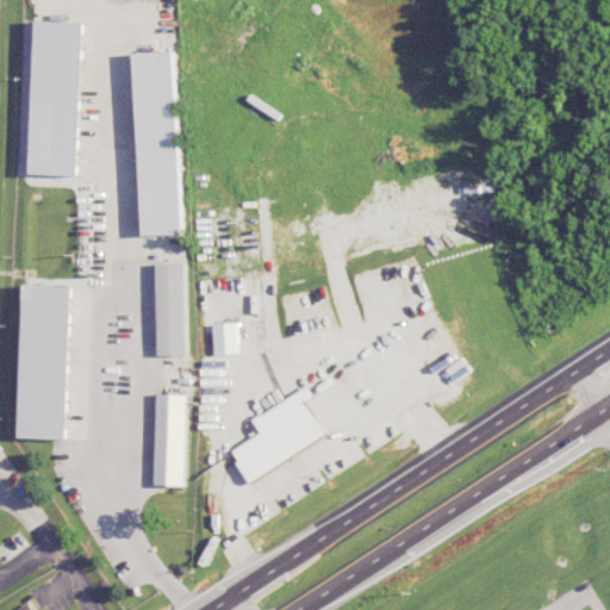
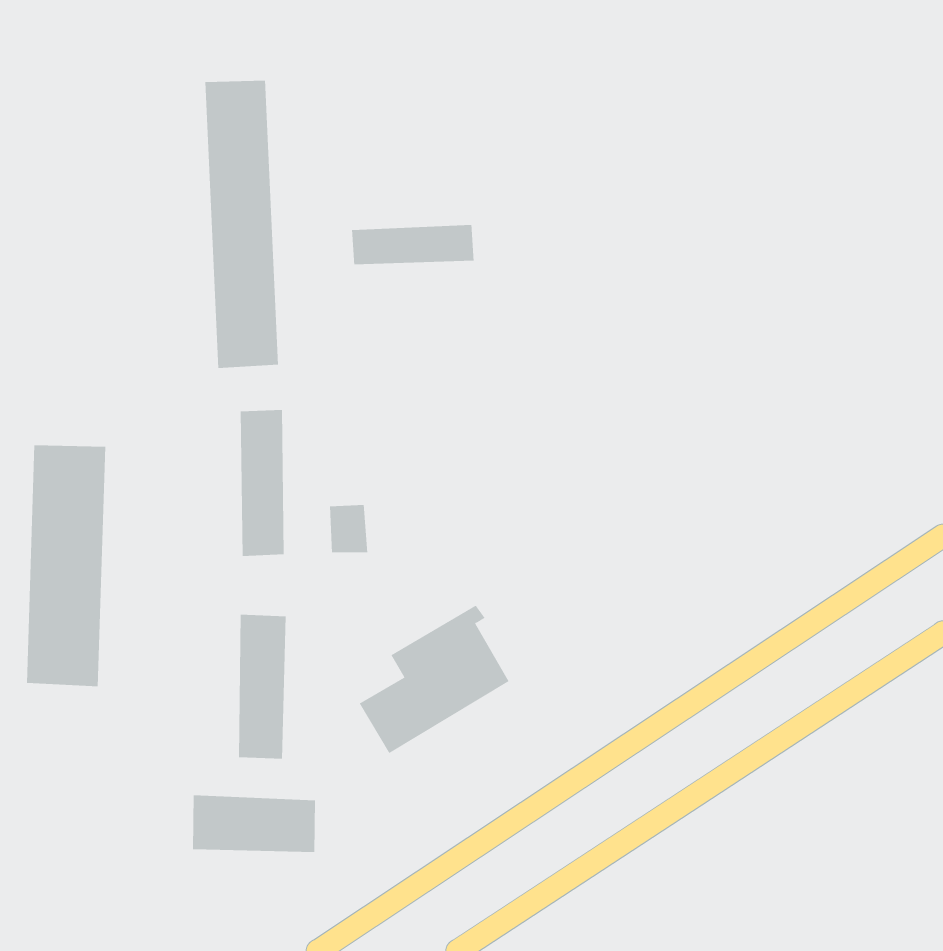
building: [27,21,79,175] -> none
building: none -> [352,224,474,265]
building: none -> [192,794,316,853]

